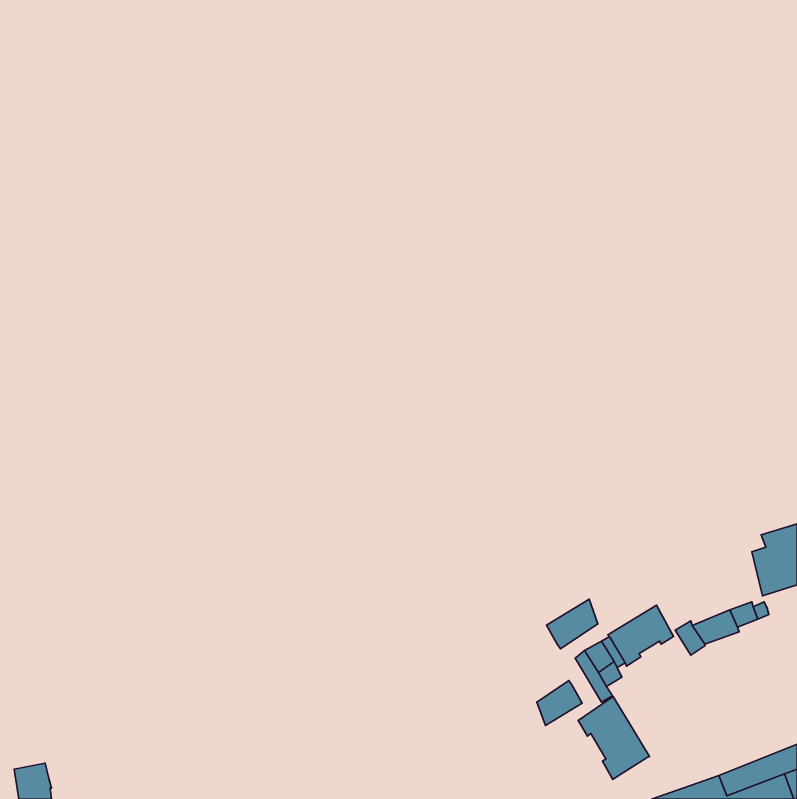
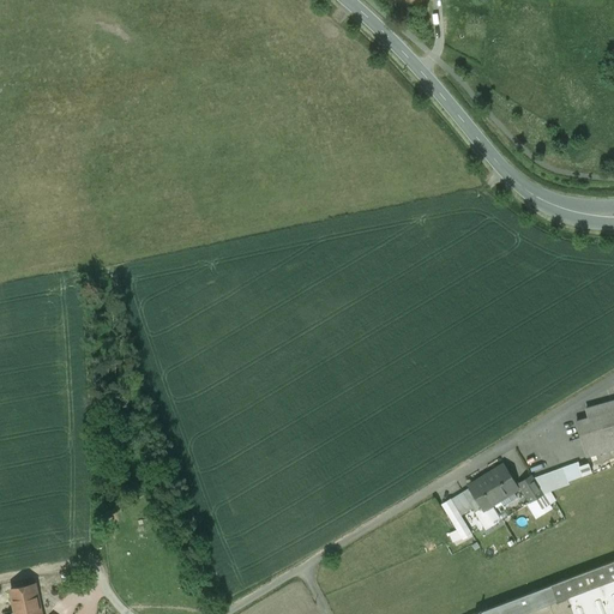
building: [546,599,598,649] -> none
building: [537,680,582,725] -> none
building: [578,697,650,779] -> none

